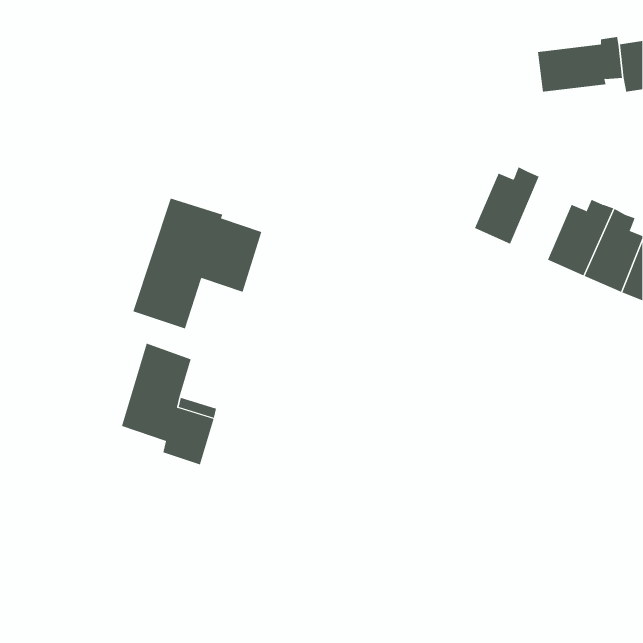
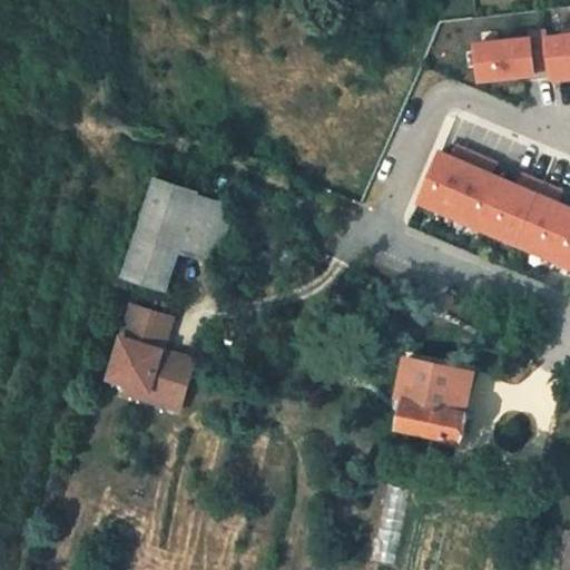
building: none -> [451,157,504,230]
building: none -> [397,361,474,441]

